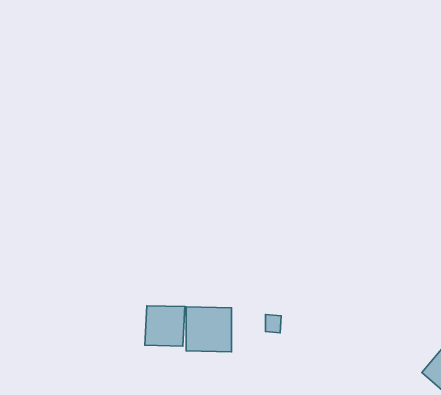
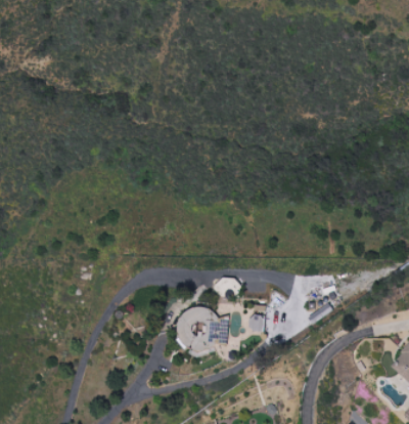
building: [145,306,185,346] -> none

